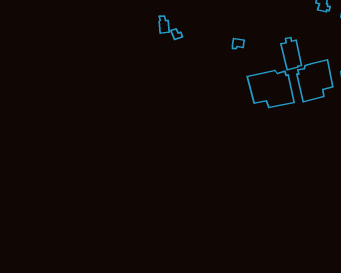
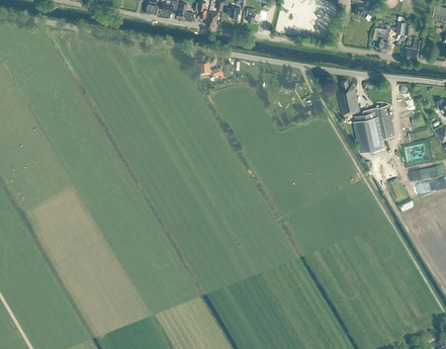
building: [247,71,294,108] -> none

